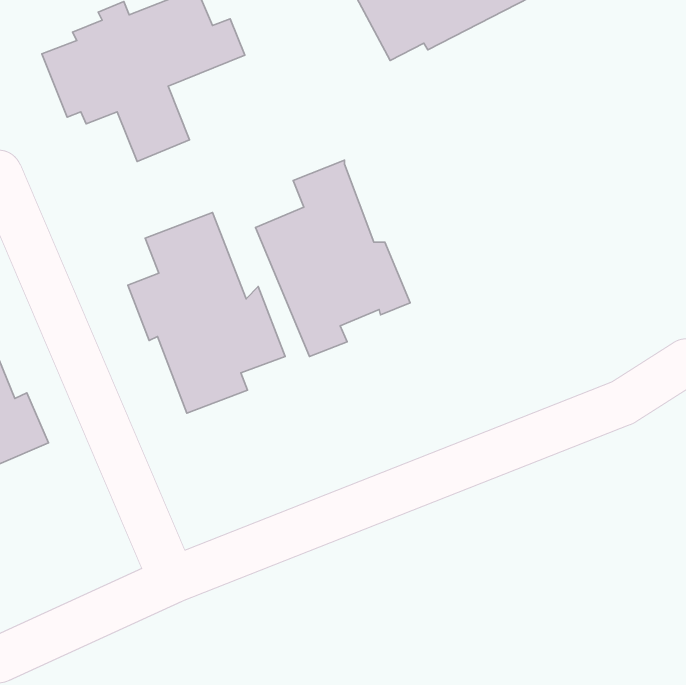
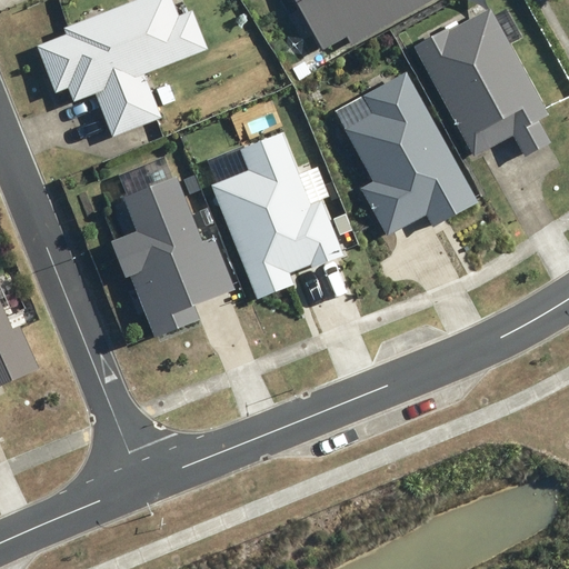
building: none -> [421,16,556,177]
building: none -> [338,67,481,240]

